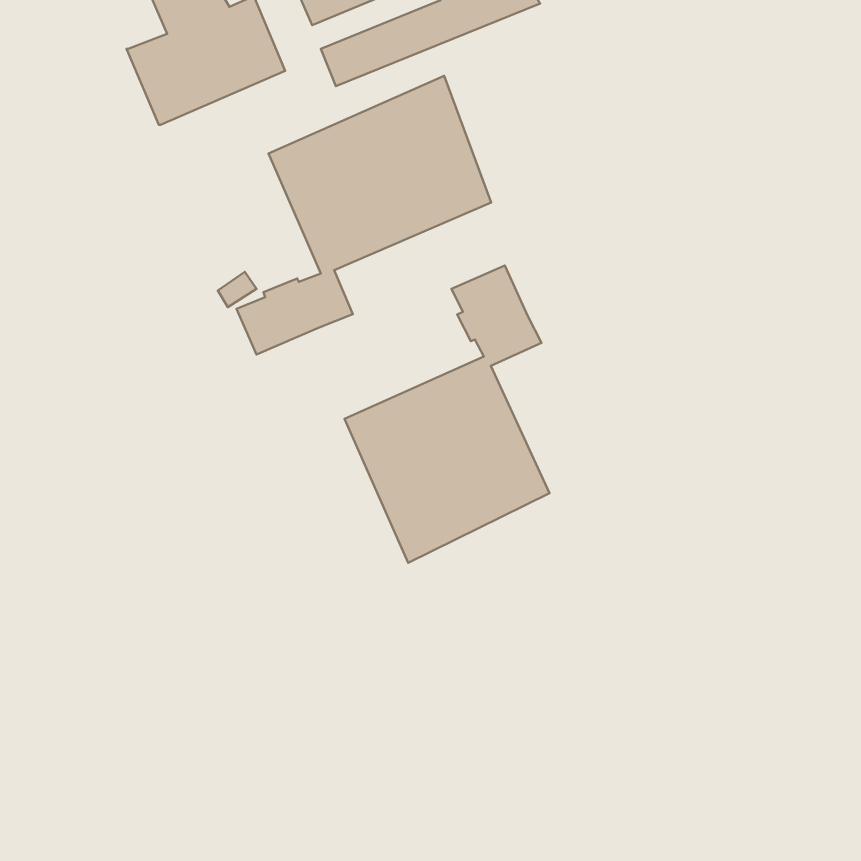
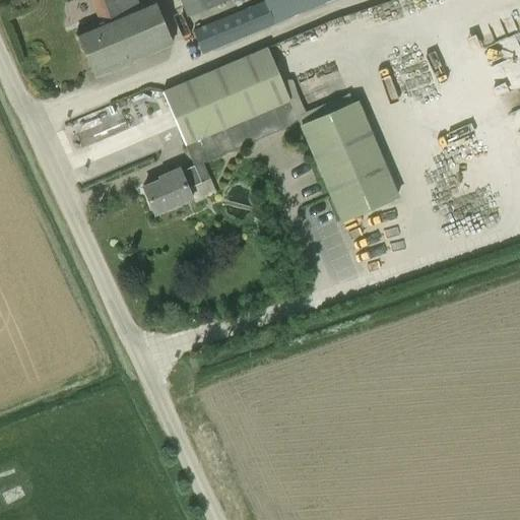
building: none -> [301,101,398,219]
building: [345,265,549,563] -> none

